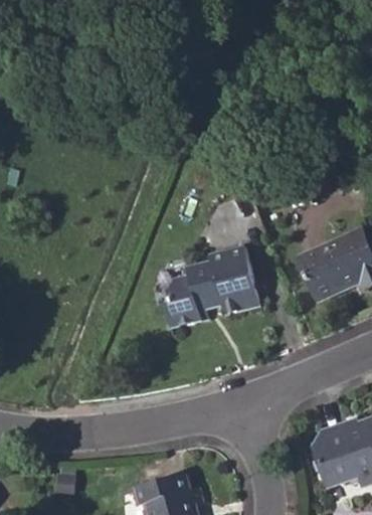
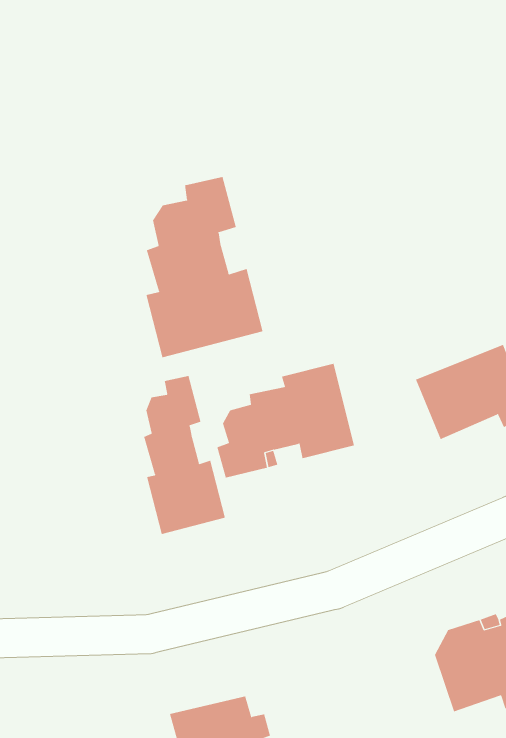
building: none -> [146,176,263,358]
building: none -> [144,375,226,535]

